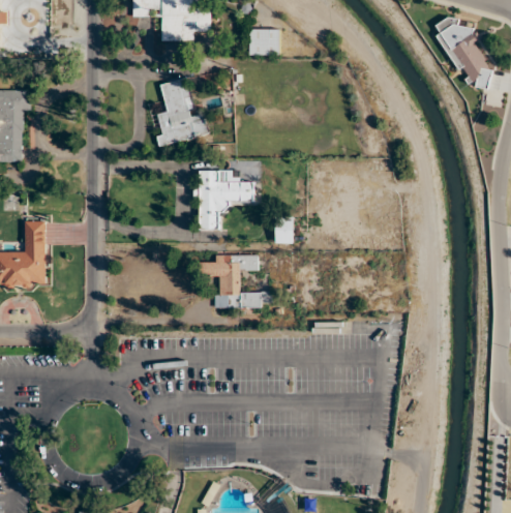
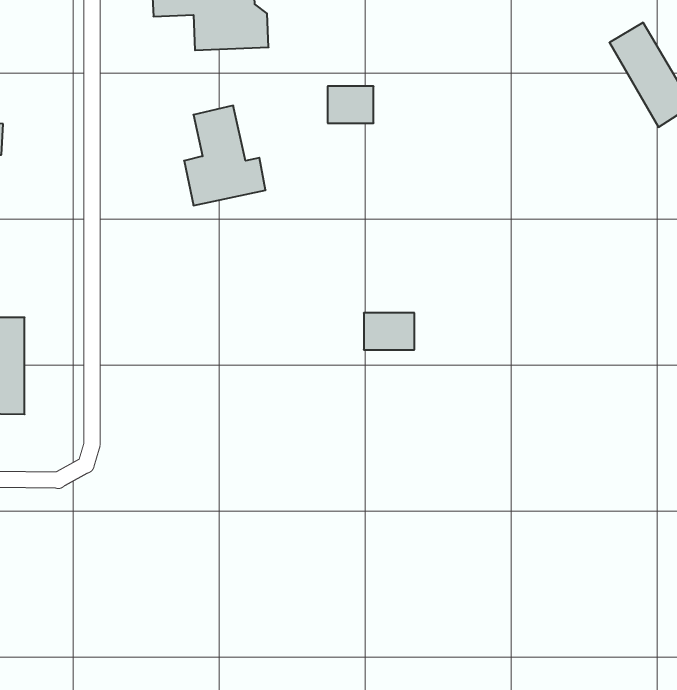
building: [248,29,279,54] -> [328,86,374,123]
building: [198,171,252,229] -> none
building: [200,254,271,315] -> none

